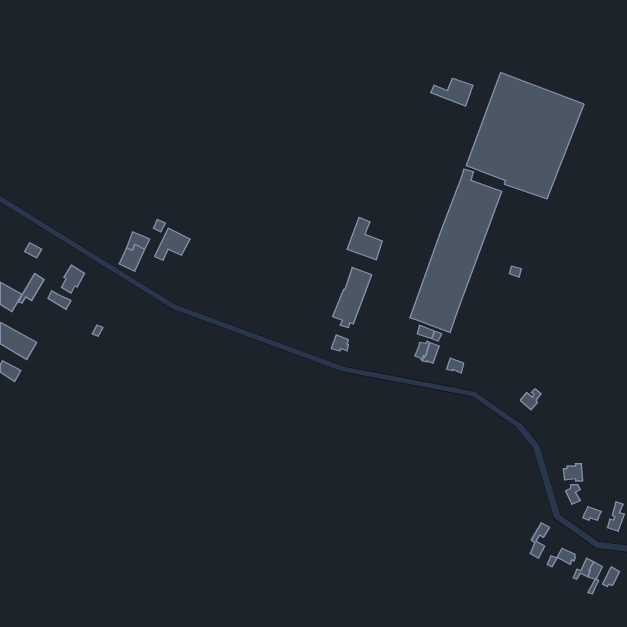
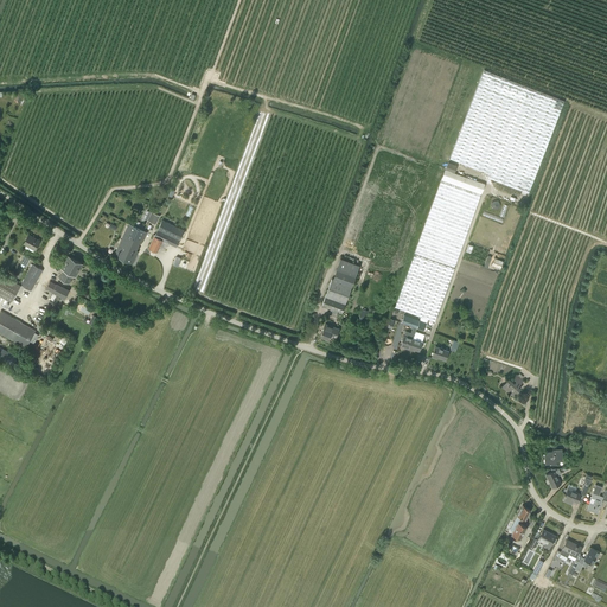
building: [431,78,473,106] -> none
building: [347,217,382,260] -> none

